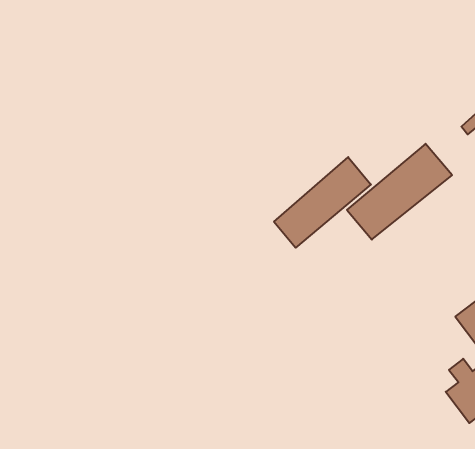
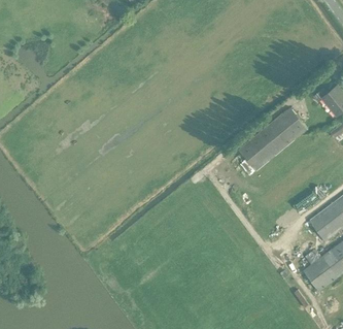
building: [274,157,371,248] -> none

